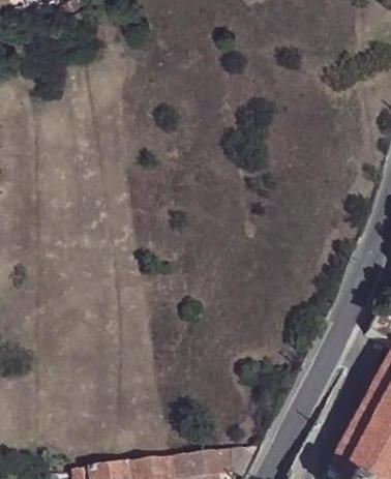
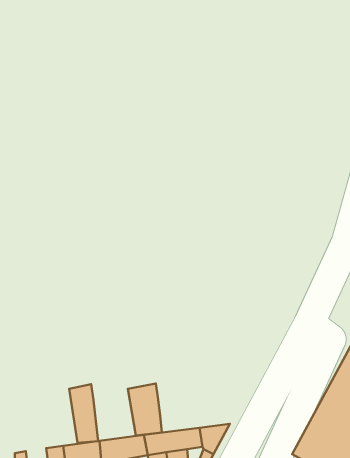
building: none -> [128,383,162,436]
building: none -> [69,384,98,443]

